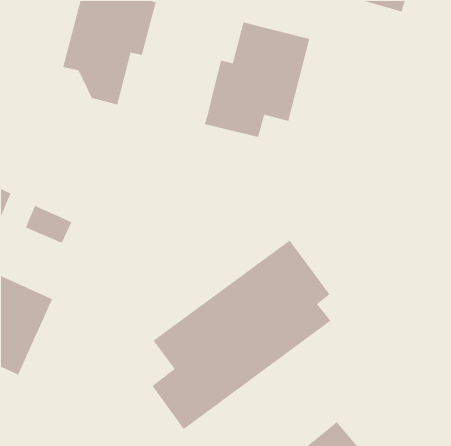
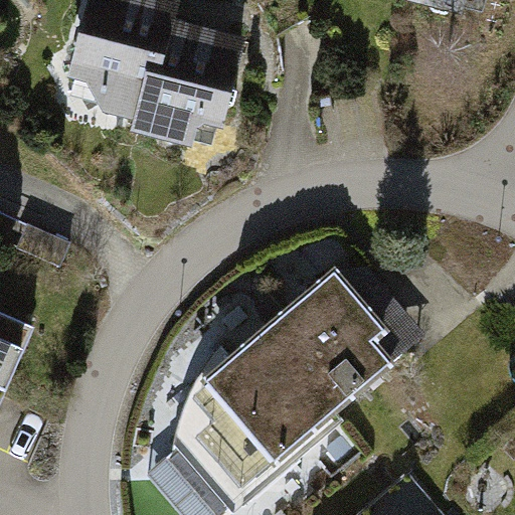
building: [204,22,310,138] -> [132,25,252,157]

